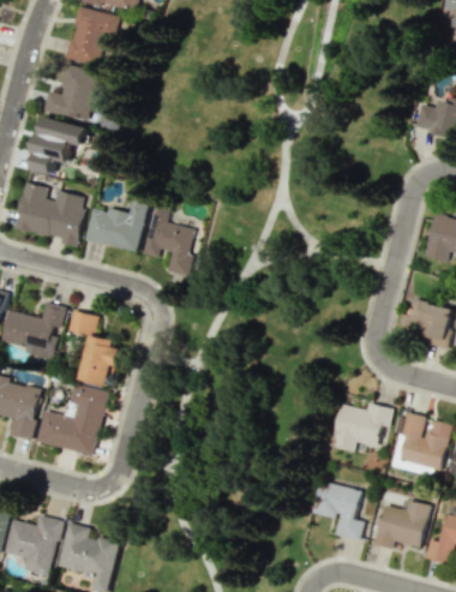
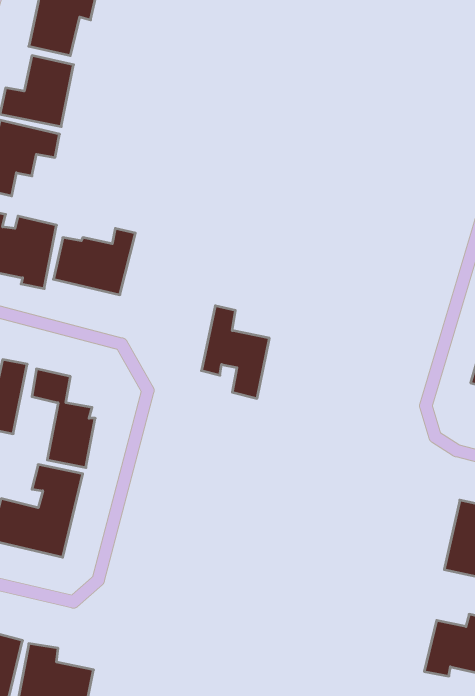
building: [144,204,197,276] -> [201,306,269,398]
building: [330,402,394,452] -> none
building: [312,482,364,540] -> none

